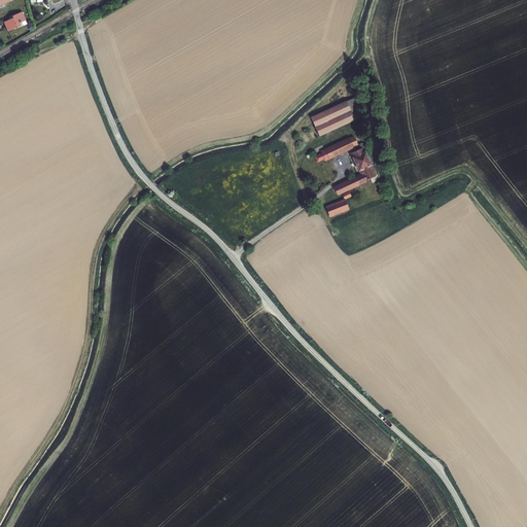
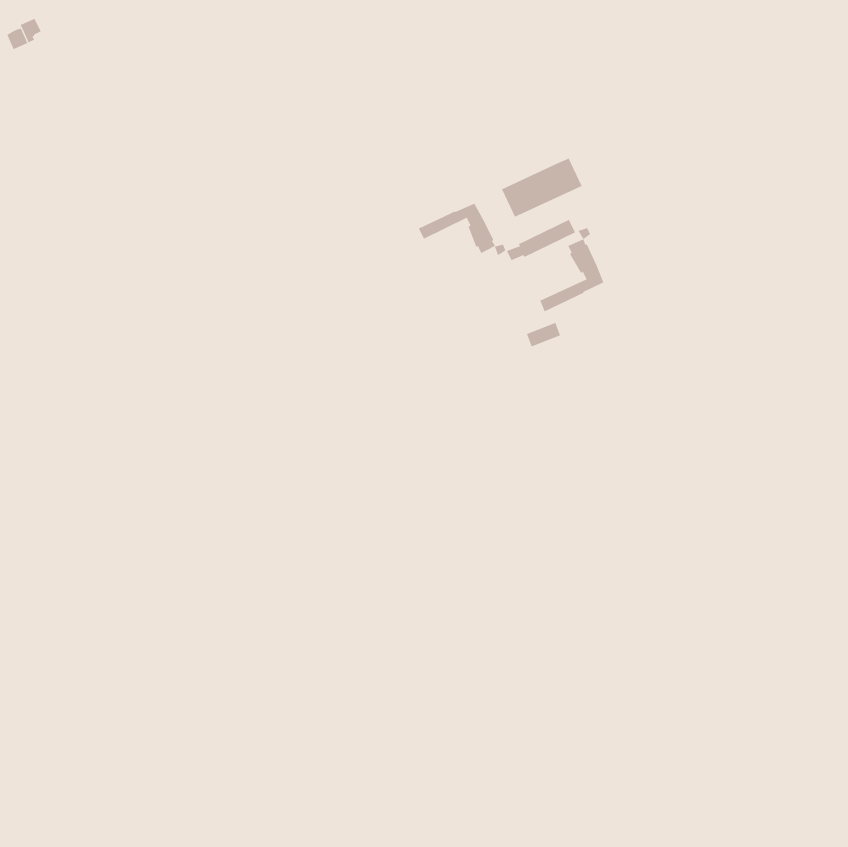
building: none -> [418,203,506,256]

